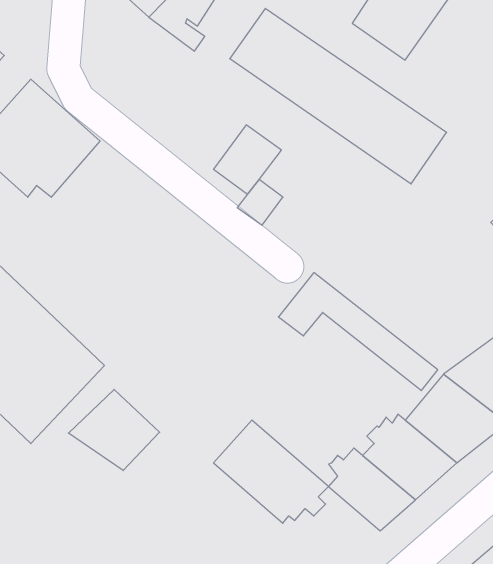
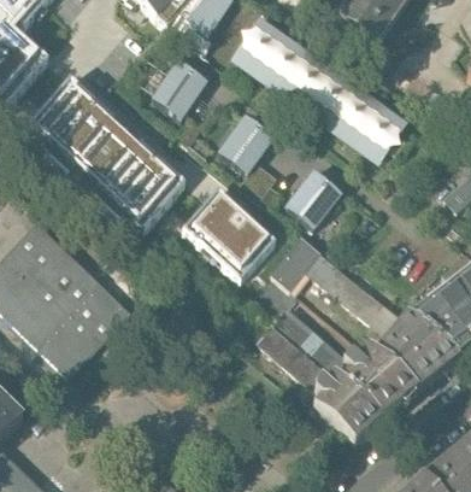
building: none -> [151,59,206,117]
building: none -> [86,127,183,224]
building: none -> [284,166,341,224]
building: none -> [181,186,275,276]
building: [68,389,160,471] -> none
building: [214,420,329,523] -> [258,305,352,390]

